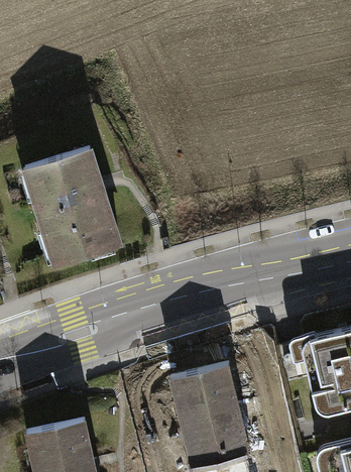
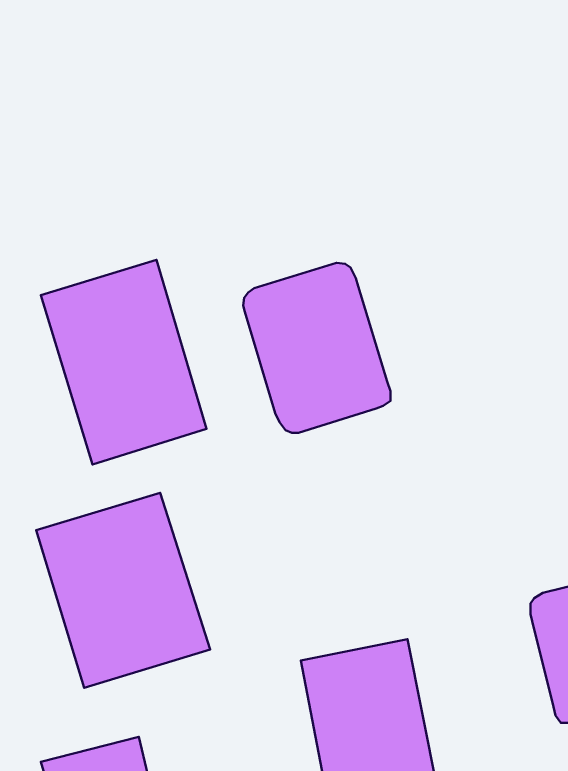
building: none -> [243,263,390,433]
building: none -> [36,493,210,688]

